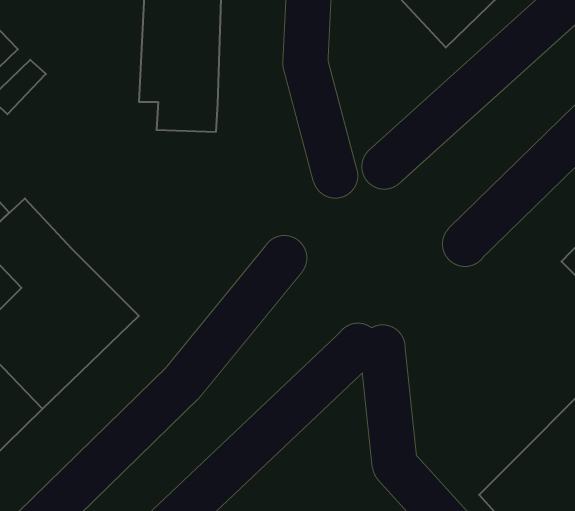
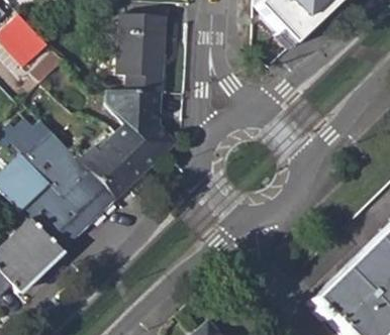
building: none -> [78,90,177,198]

